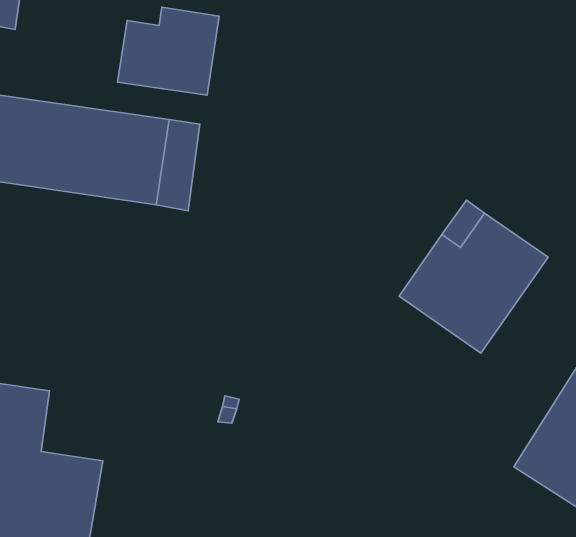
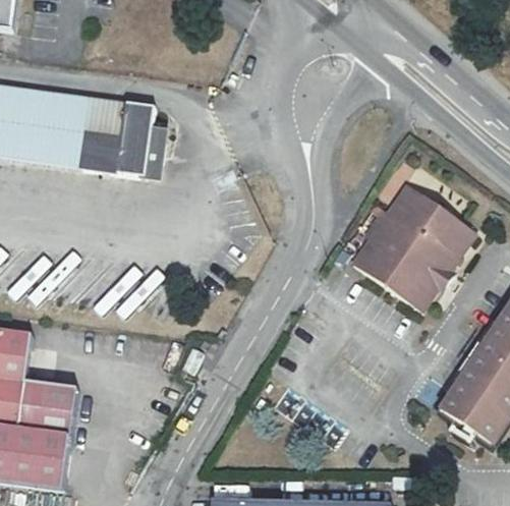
building: [117,7,219,95] -> none

